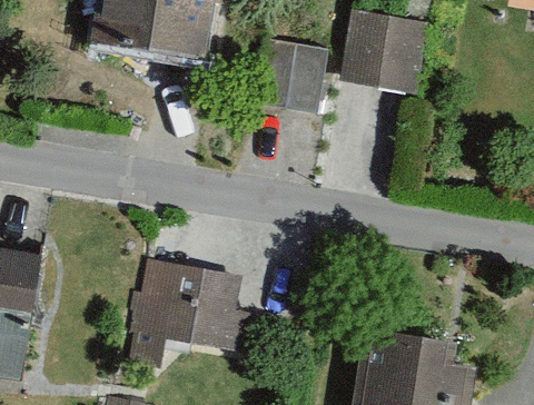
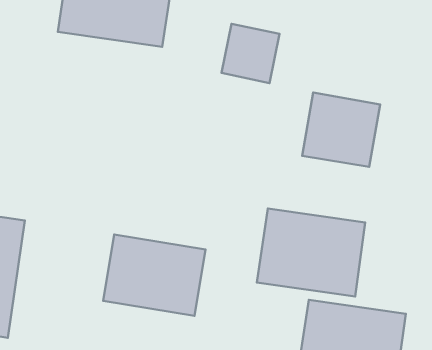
building: [338,16,425,98] -> [302,93,380,167]
building: none -> [257,209,365,297]

